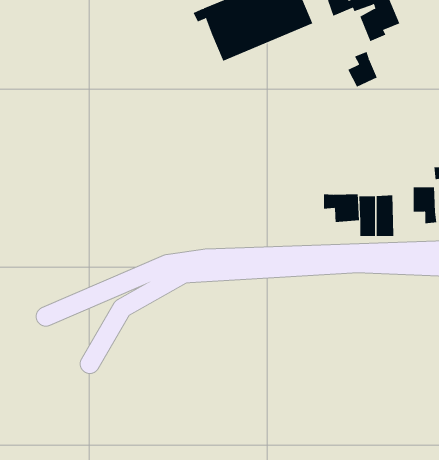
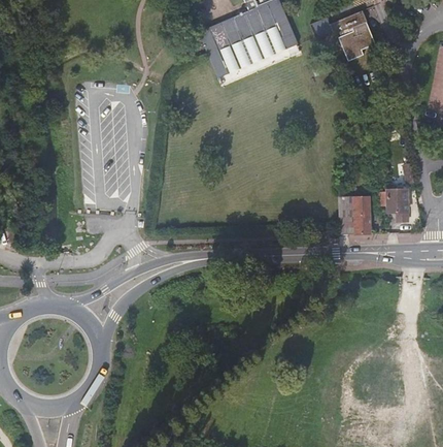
building: [348,51,378,87] -> none
building: [323,194,359,223] -> none

